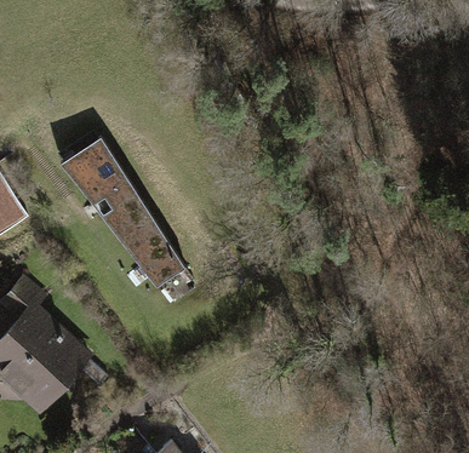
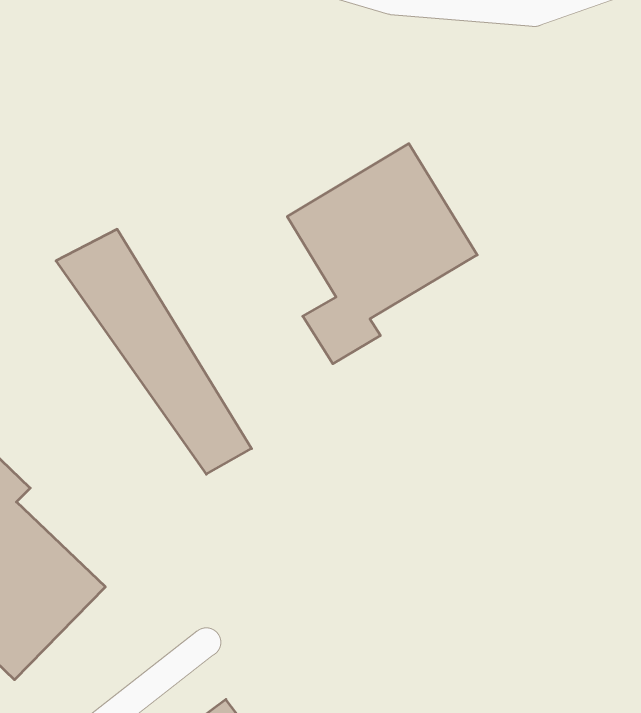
building: none -> [287,144,477,364]

